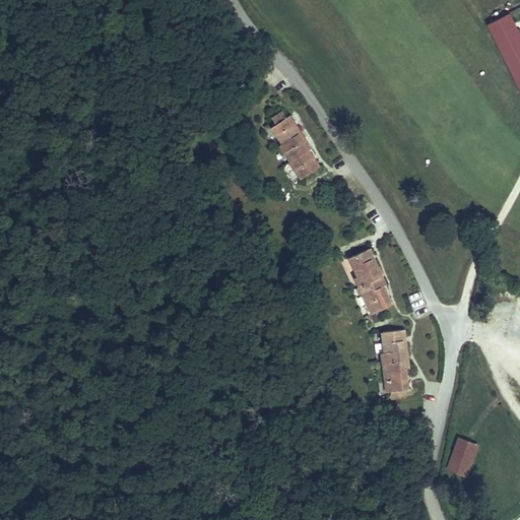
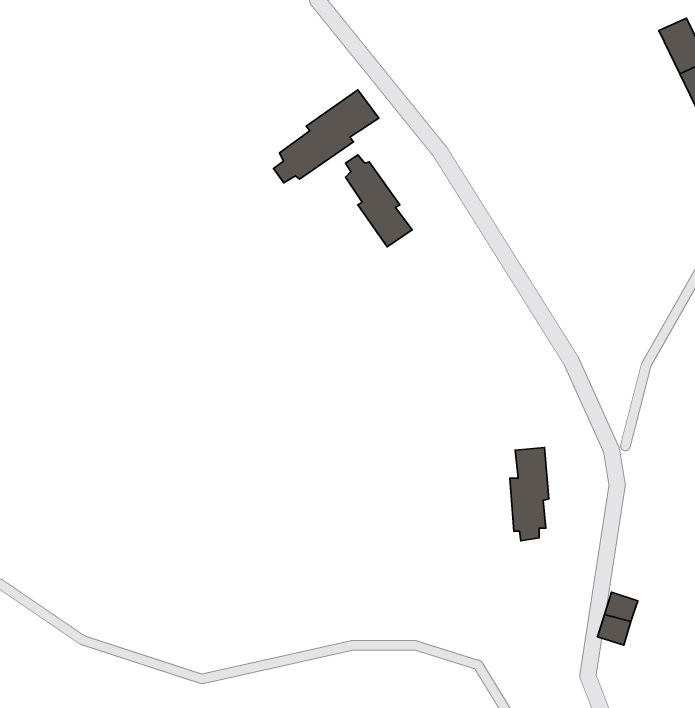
building: none -> [273,90,379,183]
building: [349,250,391,313] -> none

